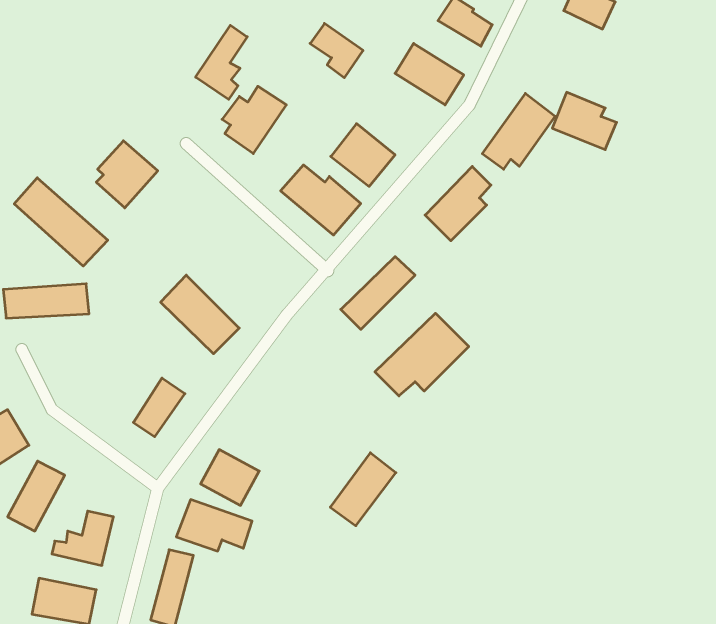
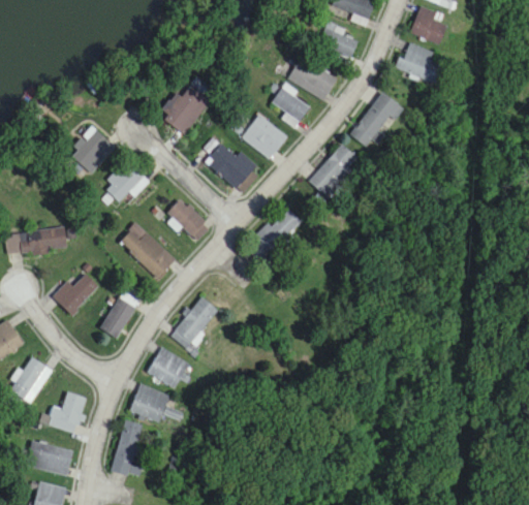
building: [310,23,363,78] -> [271,87,309,126]
building: [196,25,247,99] -> none
building: [552,92,617,150] -> [396,42,442,84]
building: [14,178,108,266] -> none
building: none -> [107,159,150,201]
building: none -> [167,198,210,242]
building: [375,313,469,396] -> none
building: none -> [52,274,98,315]
building: [330,453,396,526] -> [172,296,219,349]

